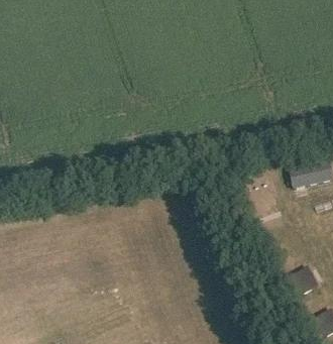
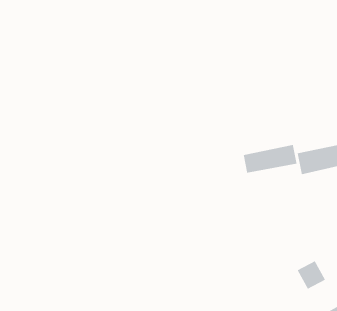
building: none -> [243,144,297,174]

